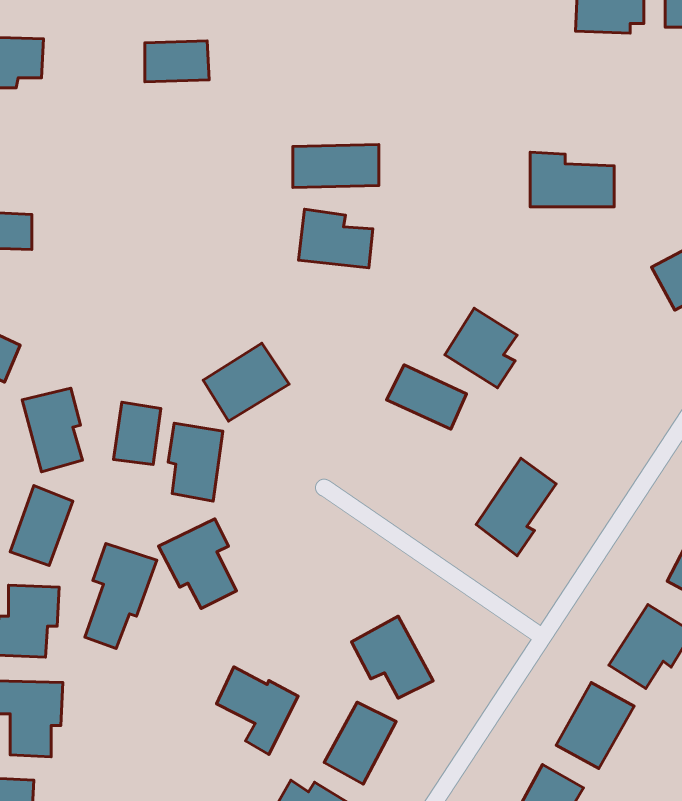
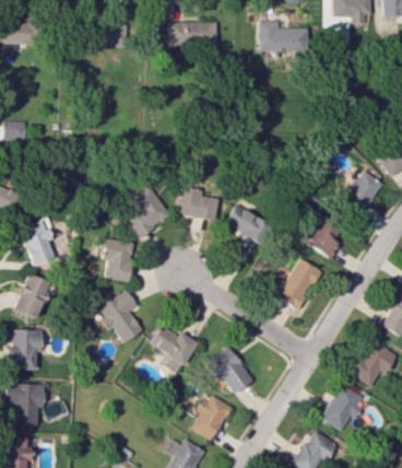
building: [293,144,379,187] -> [169,22,217,46]
building: [530,152,614,207] -> [259,21,306,51]
building: [299,209,373,268] -> [178,187,220,220]
building: none -> [343,171,383,214]
building: [445,308,517,388] -> [302,214,342,259]
building: [113,402,161,464] -> none
building: [85,543,157,648] -> none
building: [216,667,298,755] -> [151,325,197,374]

